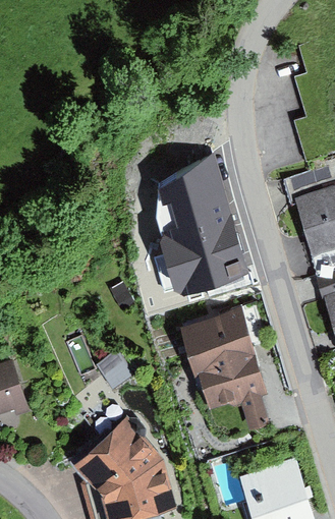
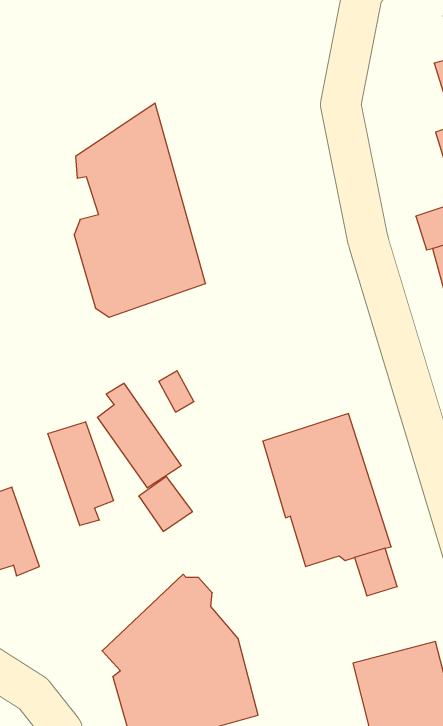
building: [161,155,248,297] -> [74,103,206,317]
building: none -> [97,383,181,488]
building: none -> [48,422,114,526]

